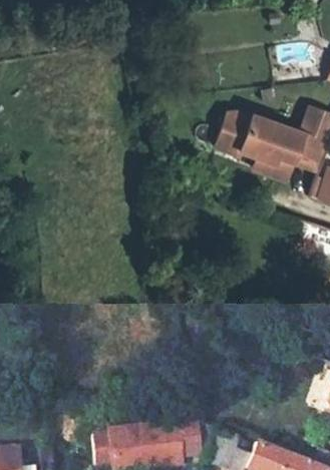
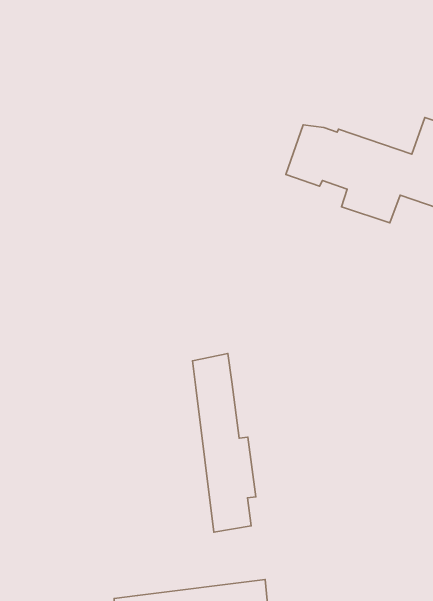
building: none -> [192,353,256,532]

